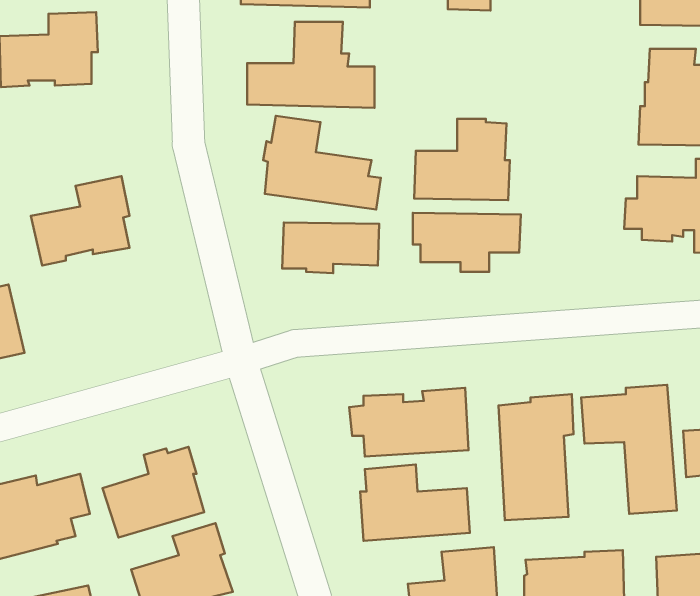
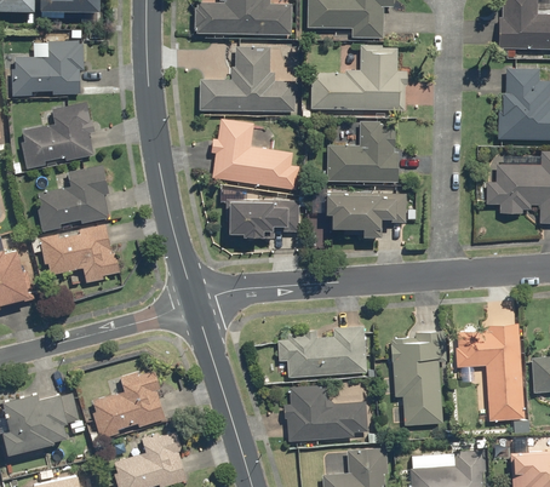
building: none -> [310,46,408,111]
building: none -> [18,102,94,170]
building: none -> [38,224,121,283]

